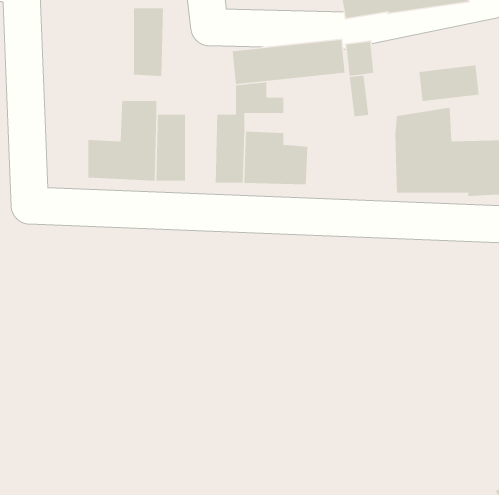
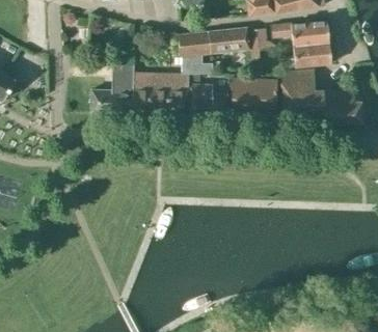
building: [133,7,164,77] -> [151,73,169,115]
building: none -> [290,20,328,47]
building: none -> [231,77,276,117]

